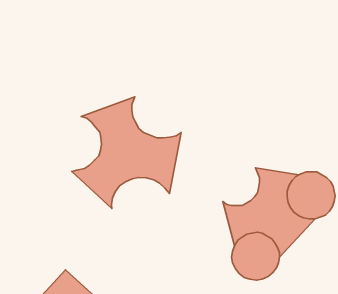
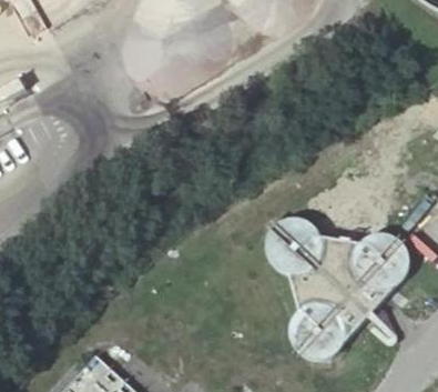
building: [72,97,181,208] -> none
building: none -> [267,222,323,277]

